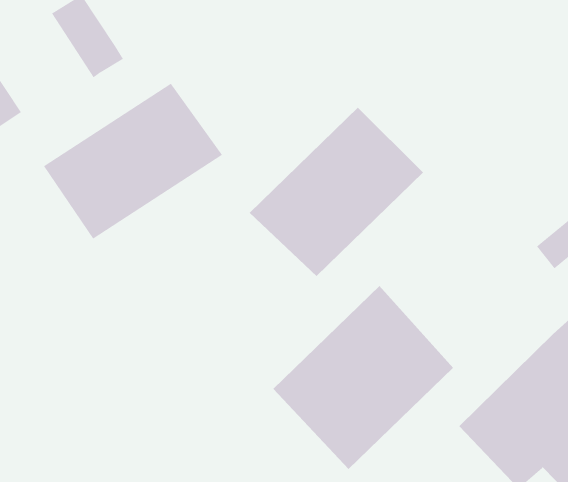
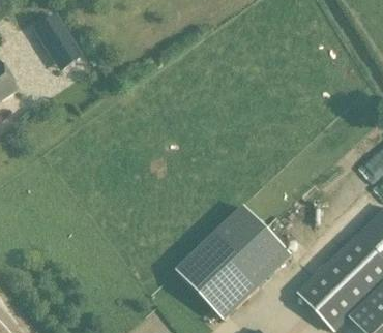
building: [43,83,223,239] -> none
building: [249,107,424,277] -> none

